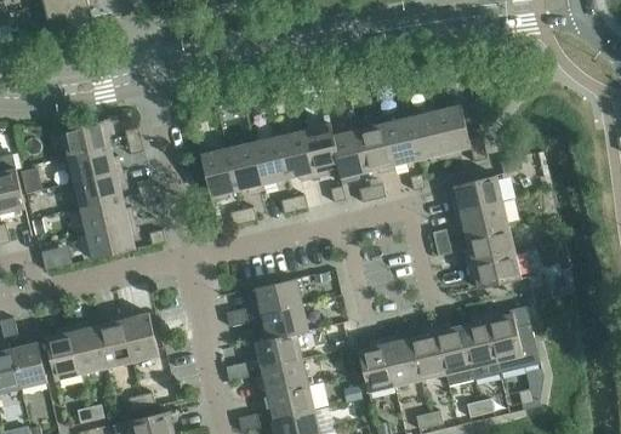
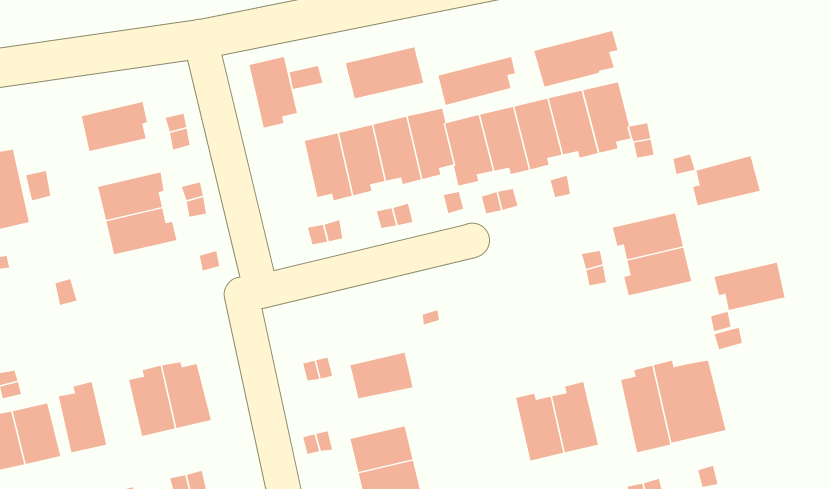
building: none -> [533,30,618,88]
building: none -> [345,47,424,99]
building: none -> [438,56,516,106]
building: [68,147,121,182] -> none
building: [200,148,237,201] -> [248,56,298,128]
building: [451,175,502,212] -> [692,155,761,206]
building: [86,222,137,259] -> none
building: [467,252,520,289] -> [713,262,786,311]
building: [255,278,302,314] -> none
building: [70,322,107,373] -> none
building: [434,322,473,386] -> none
building: [255,333,302,369] -> none
building: [358,338,394,392] -> none

